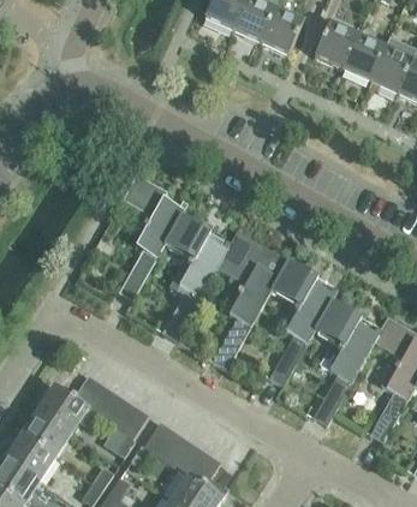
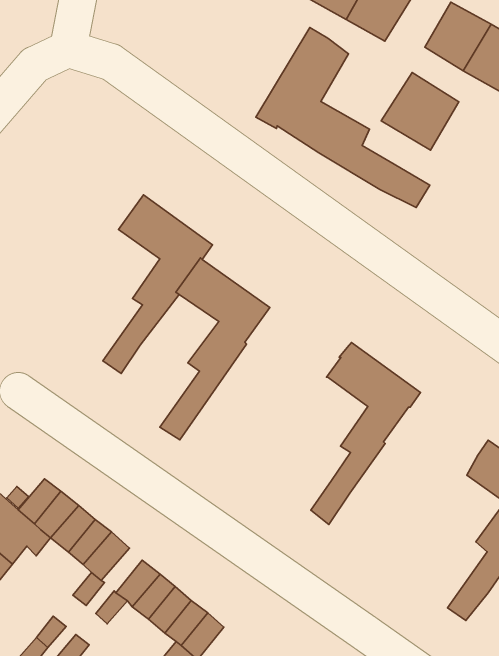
building: none -> [256,27,430,208]
building: none -> [381,73,459,150]
building: [213,231,284,366] -> none
building: [312,299,380,425] -> none

